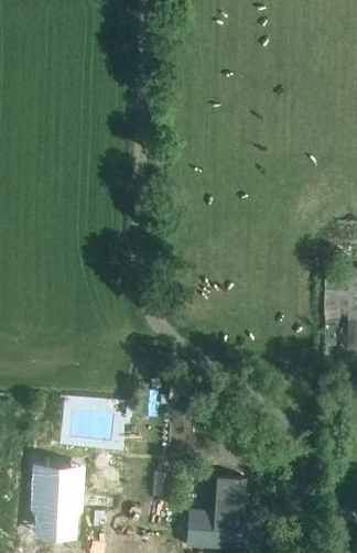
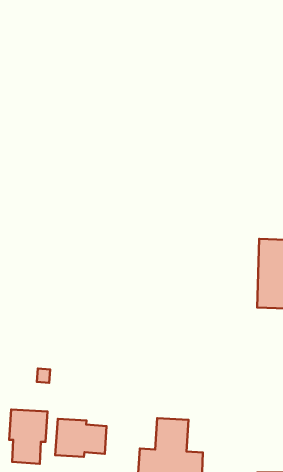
building: none -> [55,419,107,457]

